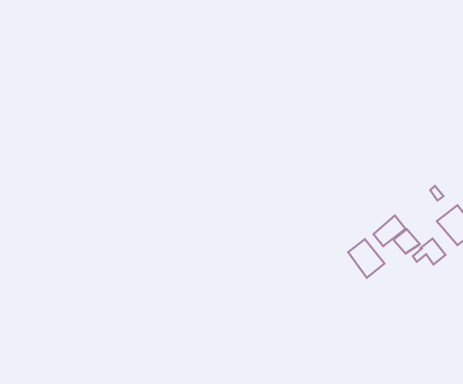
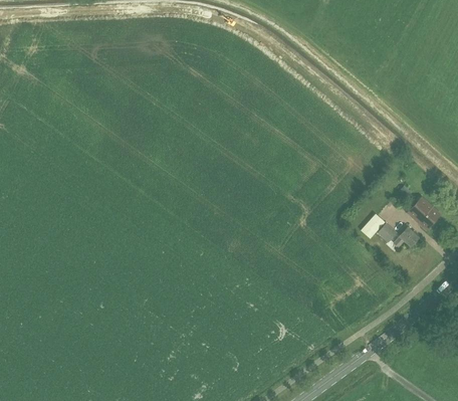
building: [348,239,385,278] -> none

